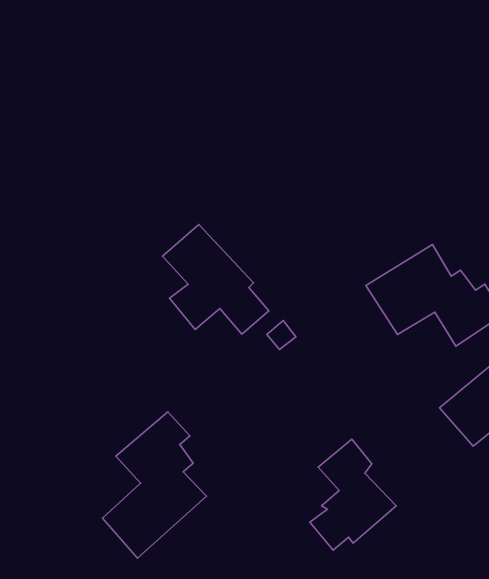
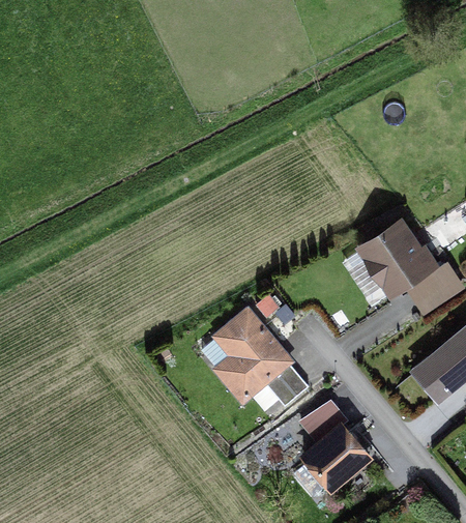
building: [163,225,269,334] -> [214,309,309,406]
building: [102,412,206,558] -> none

